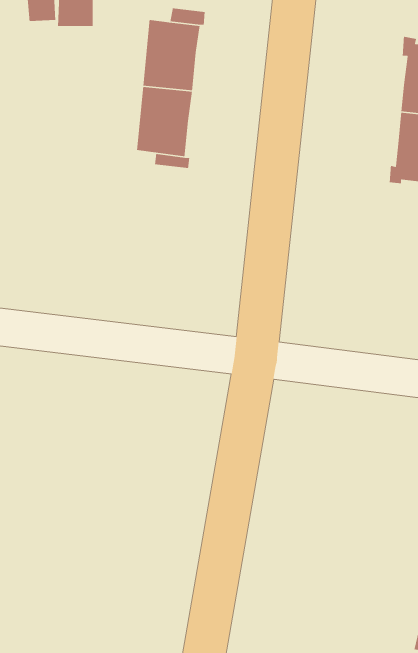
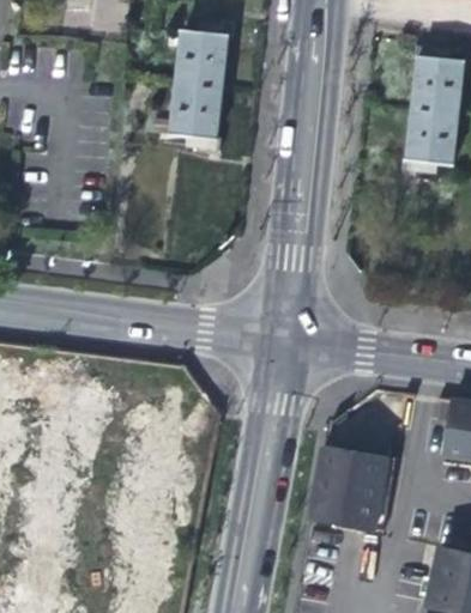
building: none -> [307,445,394,532]

